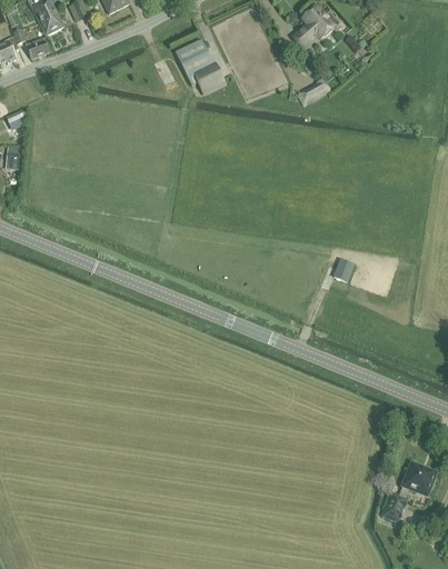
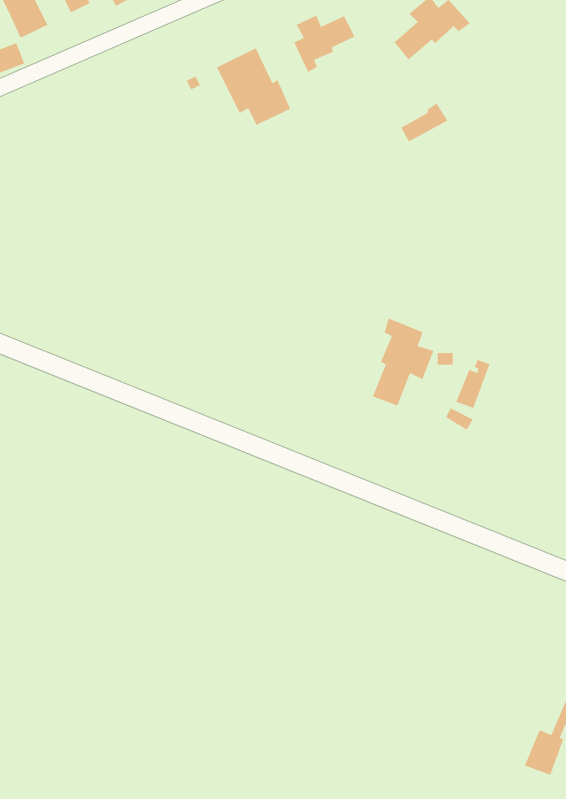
building: none -> [293,15,356,73]
building: none -> [372,317,435,407]

